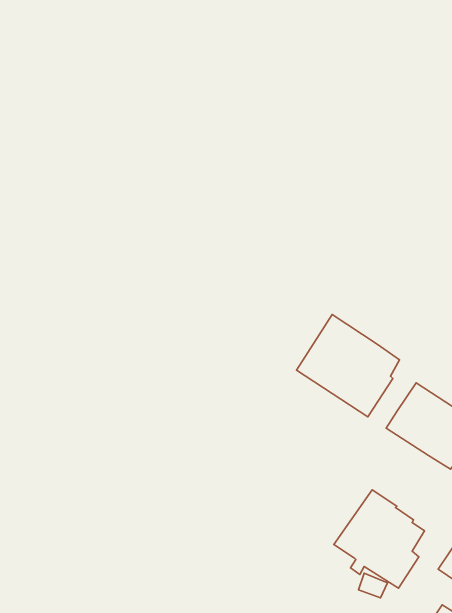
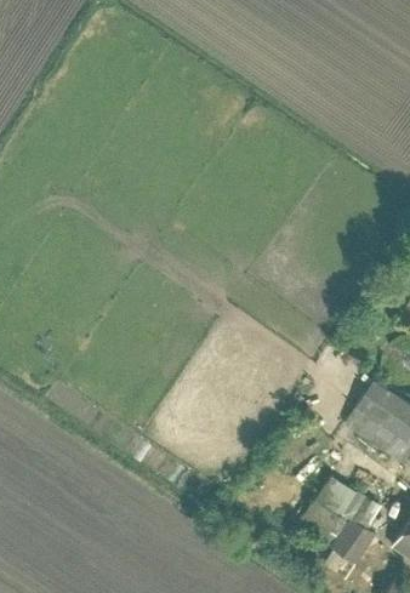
building: [297,315,400,417] -> none

